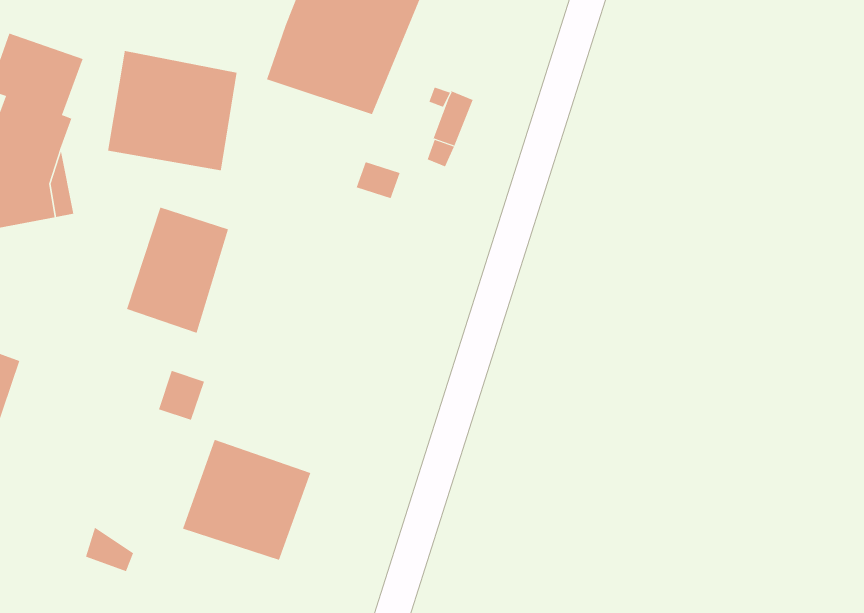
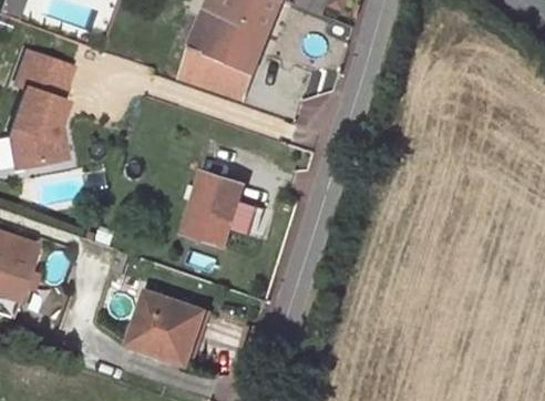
building: [107,50,237,171] -> none
building: [126,207,229,333] -> [184,171,245,246]

